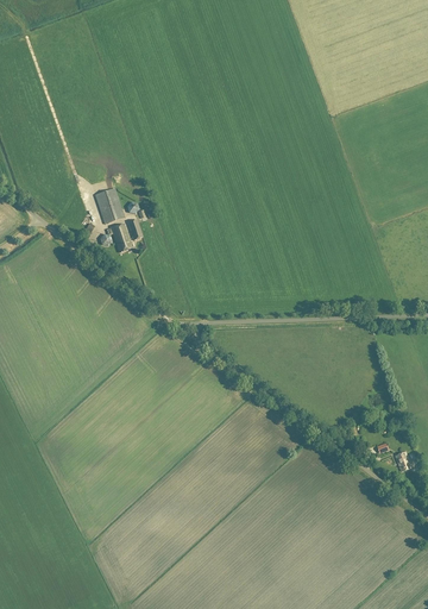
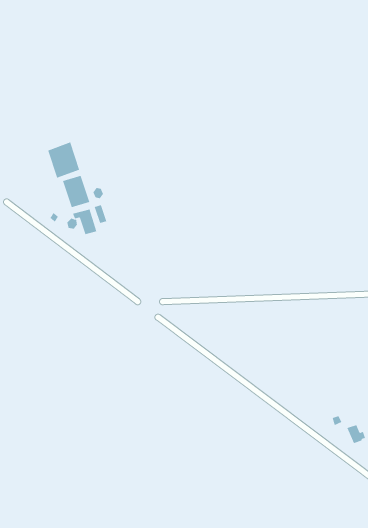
building: none -> [47,142,80,178]

